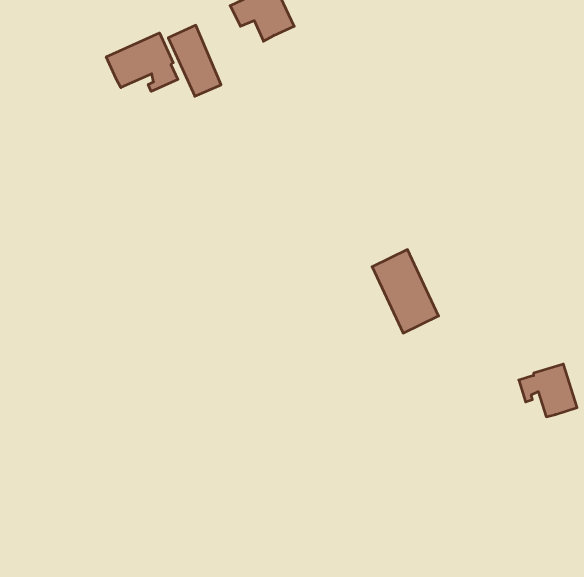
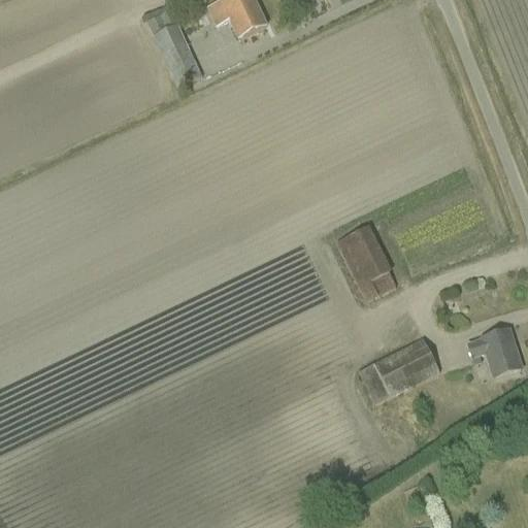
building: [106,33,178,91] -> none
building: none -> [357,336,440,404]

